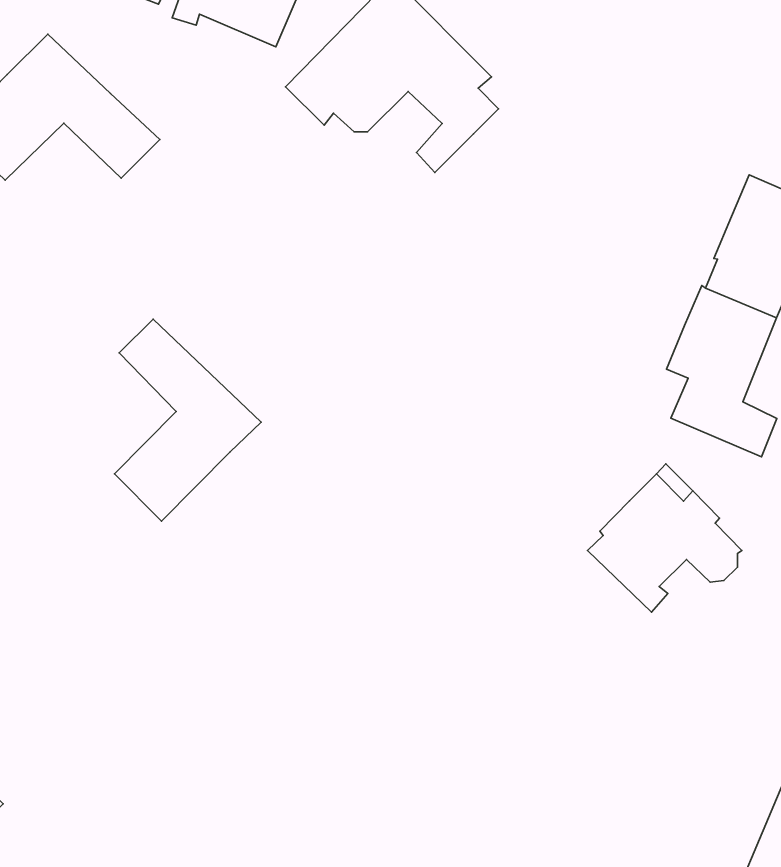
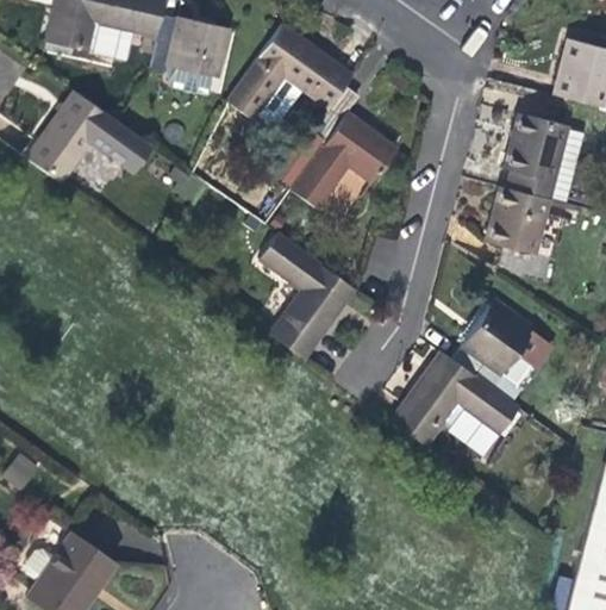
building: none -> [292,113,396,207]
building: [115,319,261,521] -> [261,235,355,359]
building: none -> [393,351,519,453]

